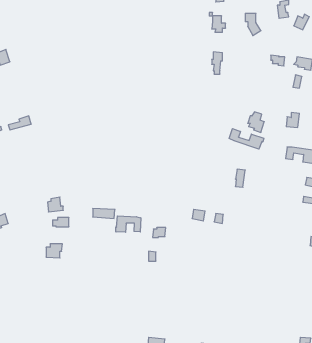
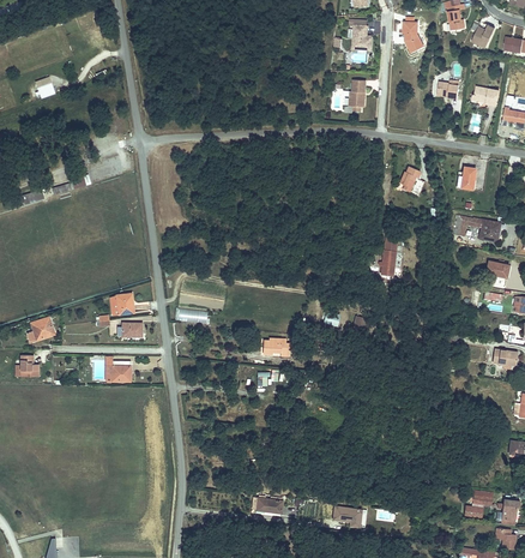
building: [229,129,264,149] -> none
building: [116,216,141,232] -> none

